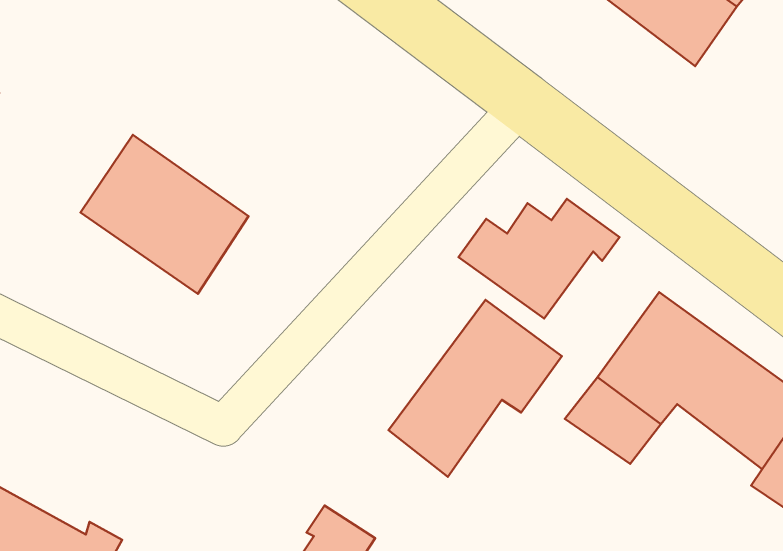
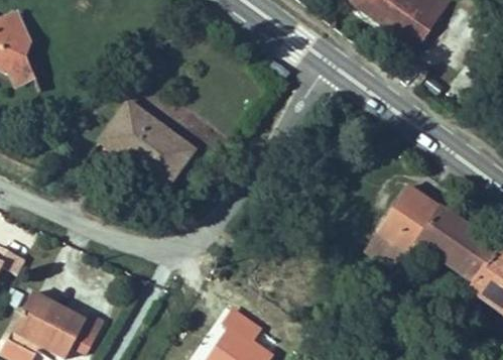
building: [459,199,619,318] -> none
building: [389,300,562,477] -> none

